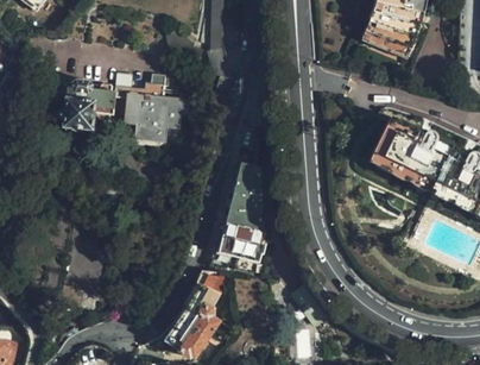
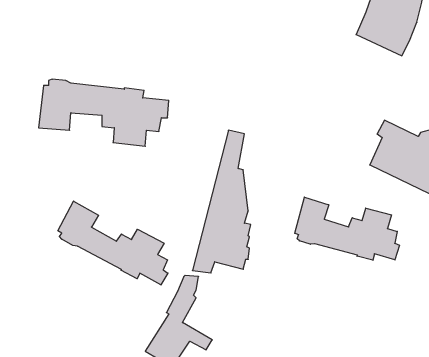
building: none -> [295,197,400,260]
building: none -> [58,201,168,285]

